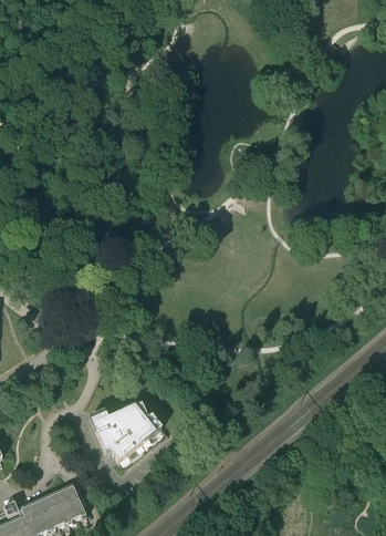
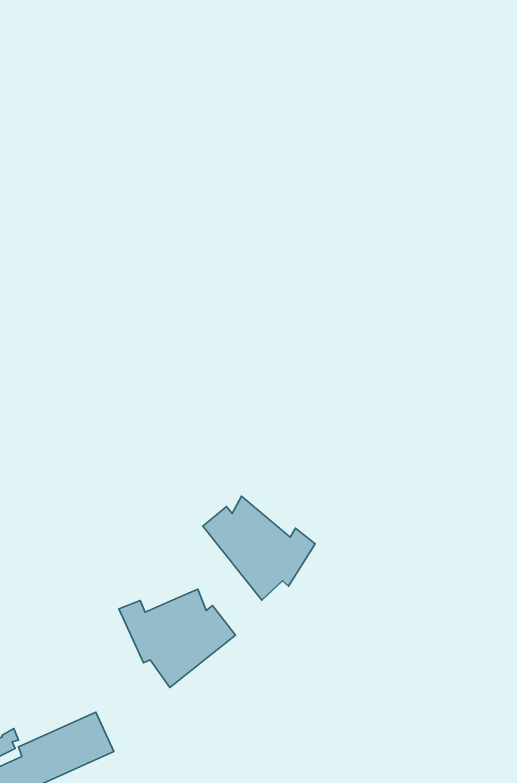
building: none -> [203,496,315,600]

